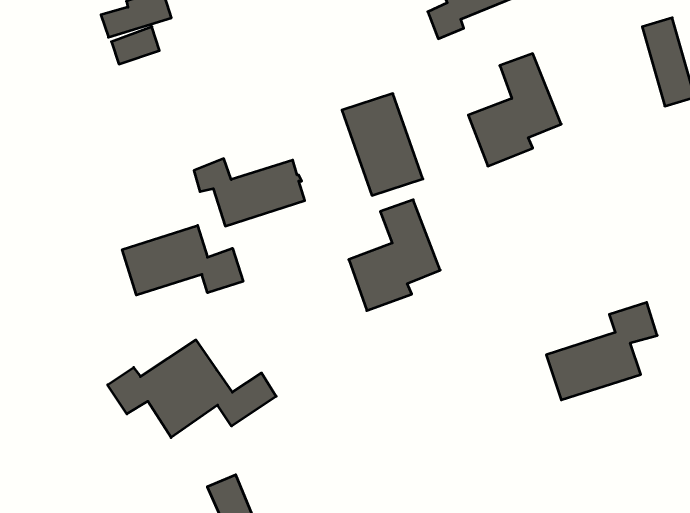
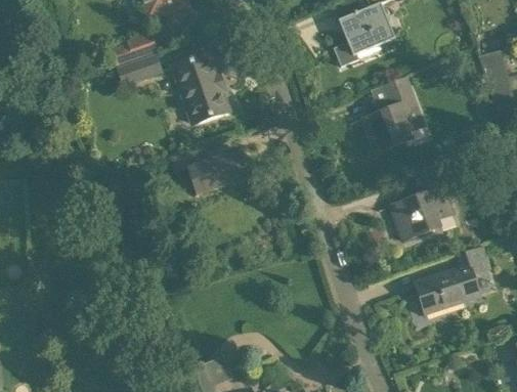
building: [342,94,423,195] -> [173,53,228,123]
building: [349,200,440,311] -> [390,165,453,241]
building: [122,225,243,295] -> none
building: [108,340,276,438] -> none

